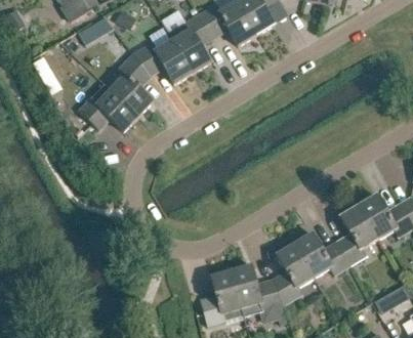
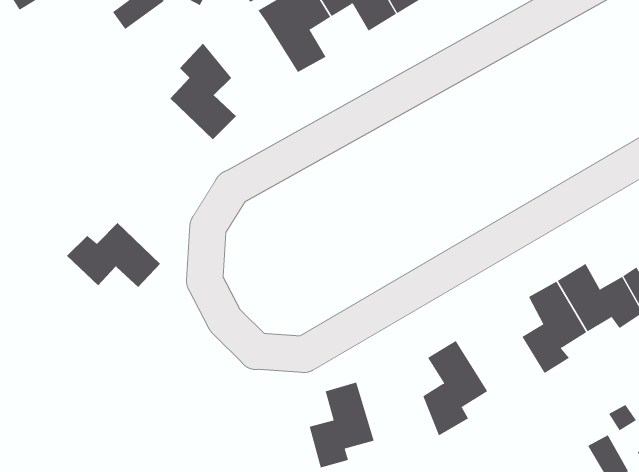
building: [132,40,193,84] -> none
building: [78,89,138,131] -> [66,222,161,288]
building: [294,233,350,277] -> none
building: [231,264,284,319] -> none

